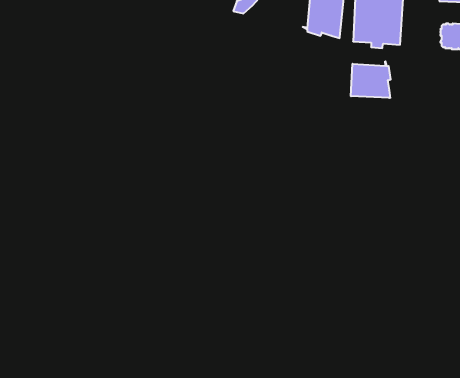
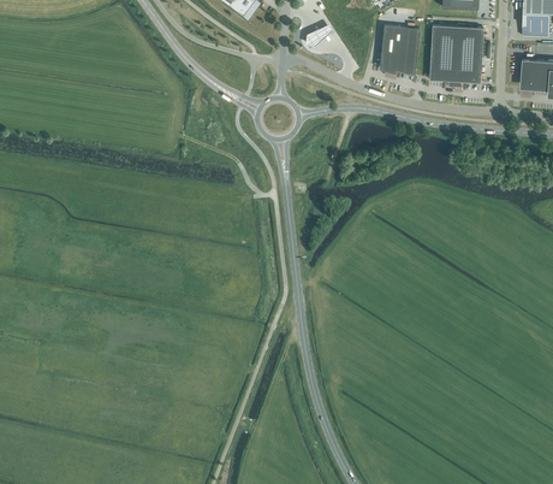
building: [351,61,391,98] -> none

